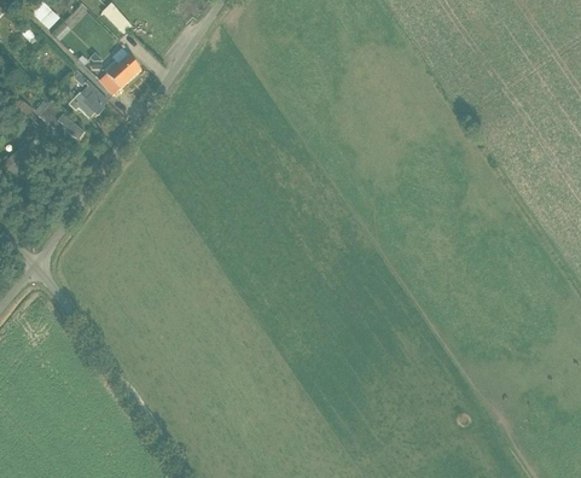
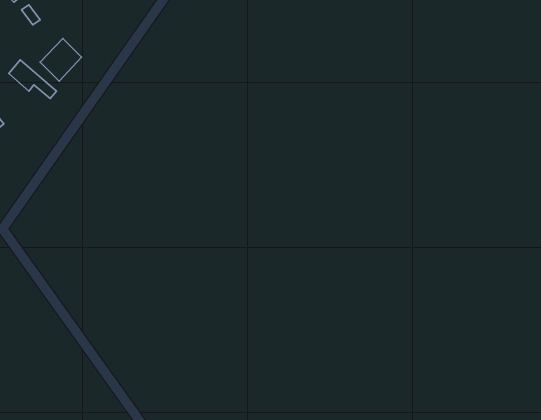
building: [105,54,139,88] -> none

